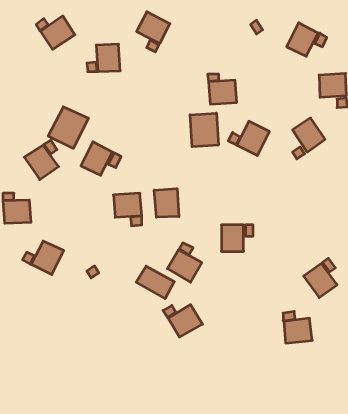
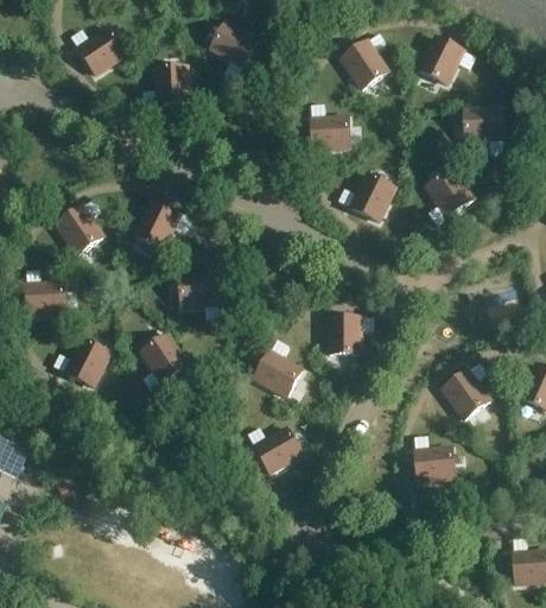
building: none -> [342,40,388,89]
building: [48,107,88,148] -> none
building: [190,113,218,147] -> none
building: [154,189,179,217] -> none
building: none -> [141,334,188,382]
building: [136,266,174,299] -> none

